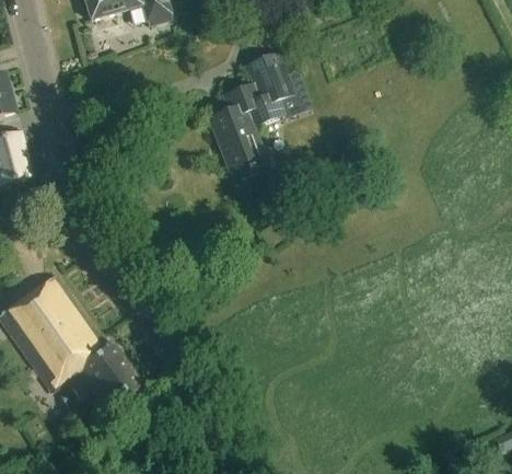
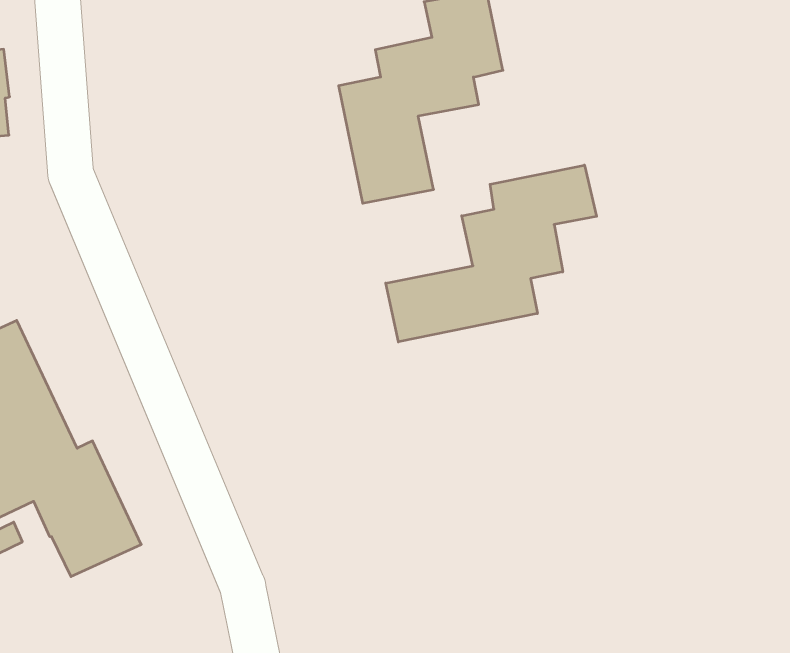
building: none -> [386,165,597,342]

